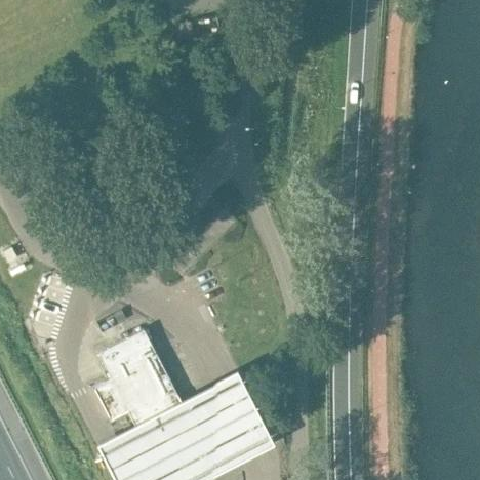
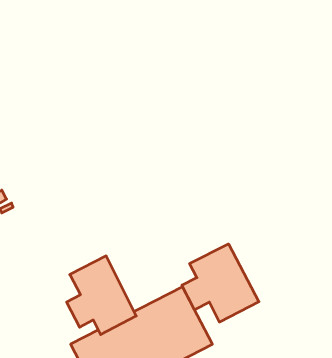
building: none -> [182,244,259,322]

